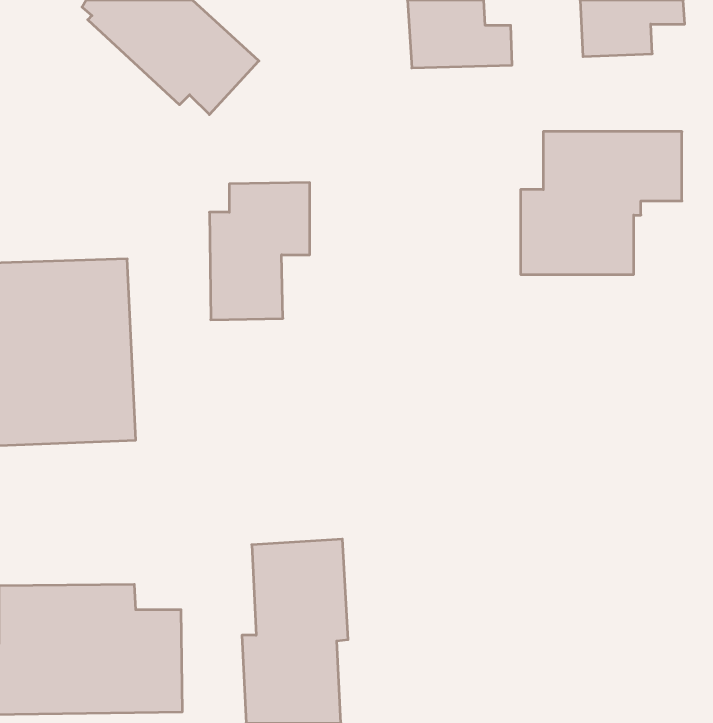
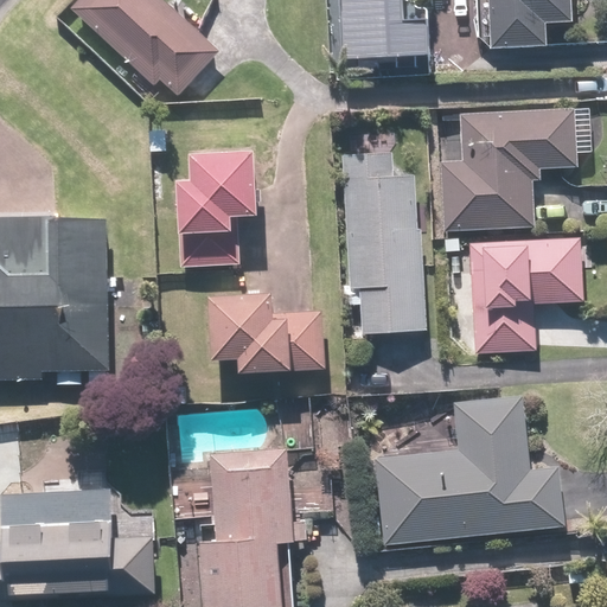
building: none -> [341,138,422,332]
building: none -> [467,238,581,353]
building: none -> [213,292,324,371]
building: none -> [372,394,563,544]

